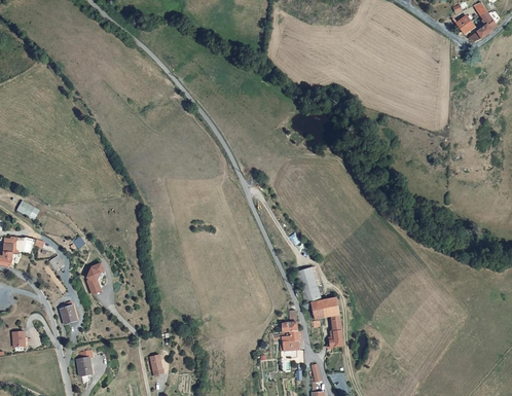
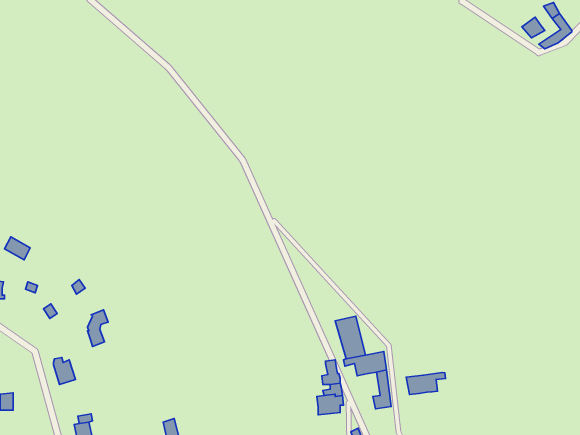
building: none -> [406,373,446,394]

